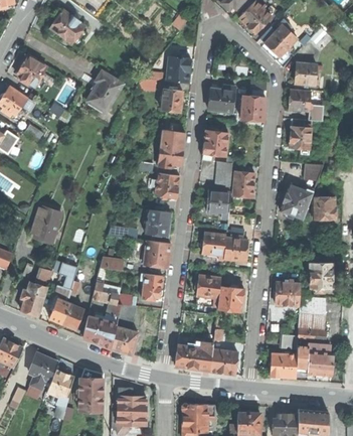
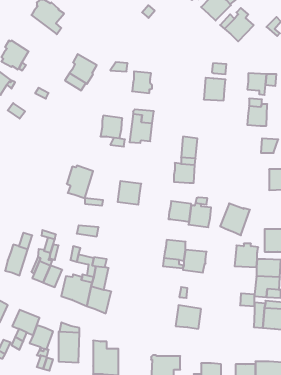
building: [165,54,189,81] -> none
building: [295,63,319,86] -> none
building: [207,89,233,113] -> none
building: [201,131,227,159] -> none
building: [233,171,254,197] -> none
building: [155,173,179,198] -> [100,116,122,138]
building: [280,184,313,220] -> [220,203,250,235]
building: [31,206,60,243] -> [67,166,93,198]
building: [144,242,170,269] -> none
building: [142,275,162,302] -> none
building: [175,341,213,372] -> none
building: [270,353,297,379] -> none

